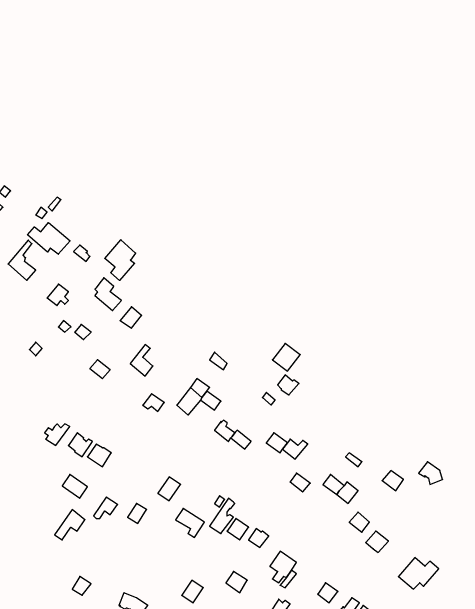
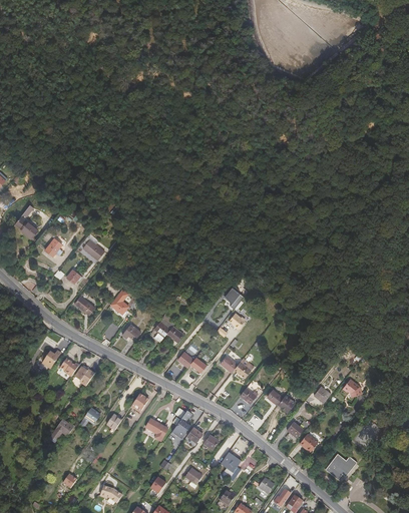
building: [28,223,70,254] -> none
building: [105,240,136,280] -> none

